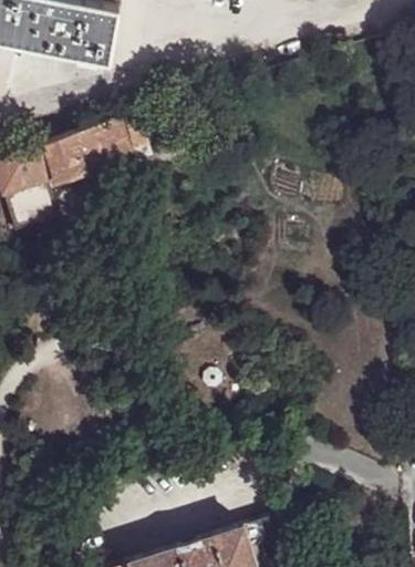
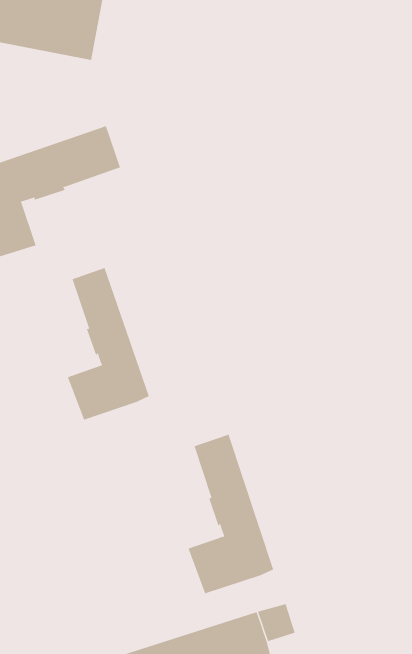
building: none -> [67,267,149,420]
building: none -> [188,434,274,594]

